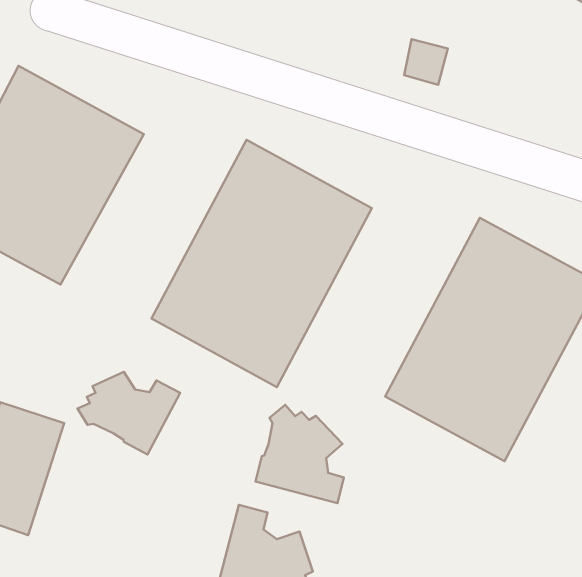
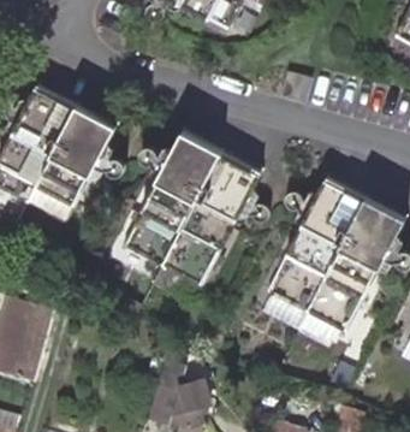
building: [77,372,180,454] -> none
building: [255,405,344,503] -> none

